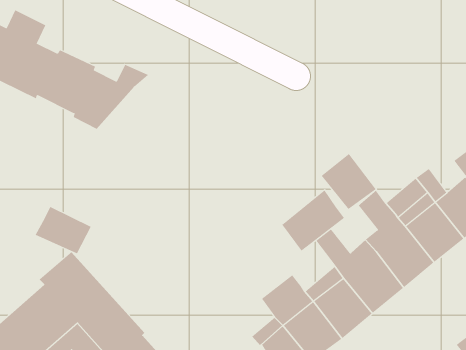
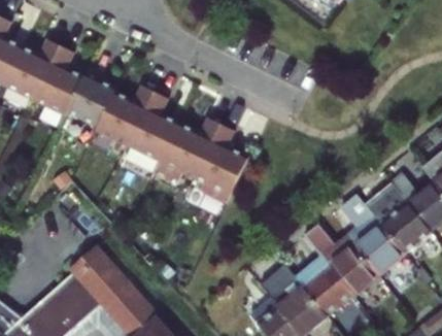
building: none -> [116,94,248,202]
building: [321,153,376,210] -> none
building: [282,190,345,252] -> none
building: [35,206,91,254] -> none

